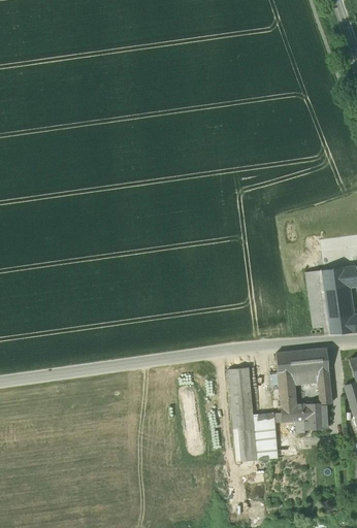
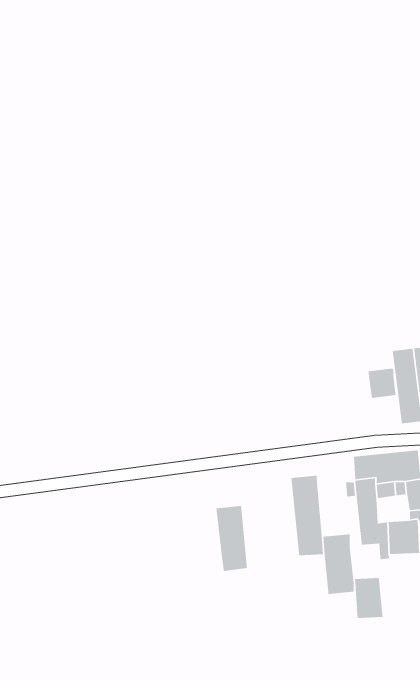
building: none -> [368,368,396,399]
building: none -> [215,505,248,572]
building: [234,429,257,461] -> [354,577,384,619]

